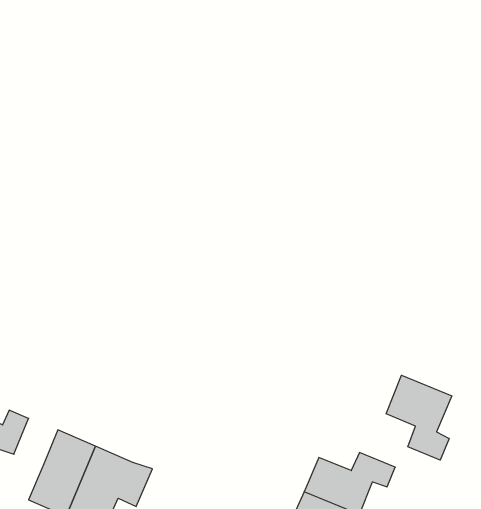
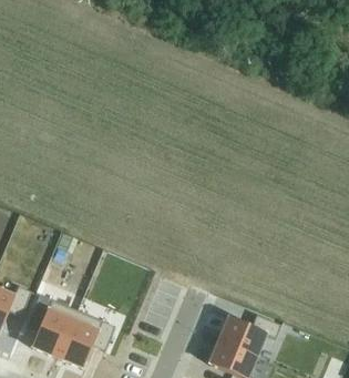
building: [386,375,452,460] -> none

